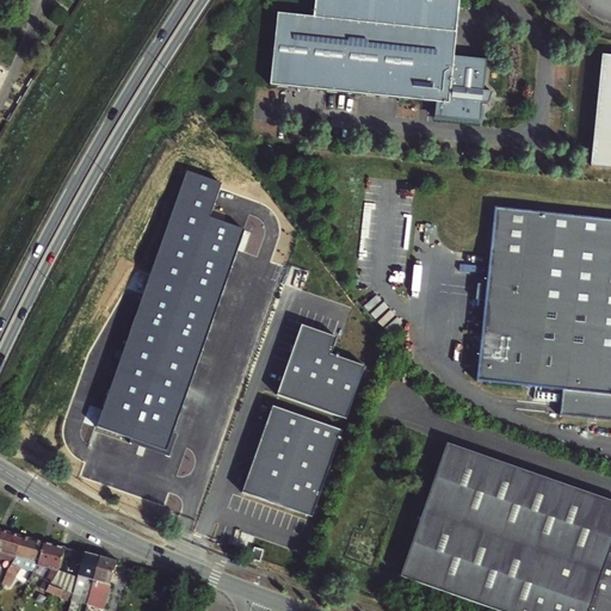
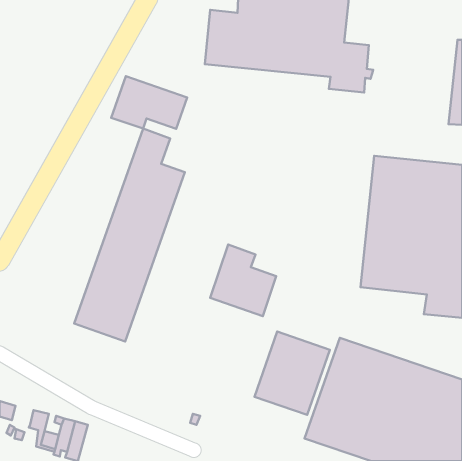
building: none -> [111,76,187,129]
building: [242,405,341,514] -> [255,332,330,415]
building: [16,535,44,561] -> none

